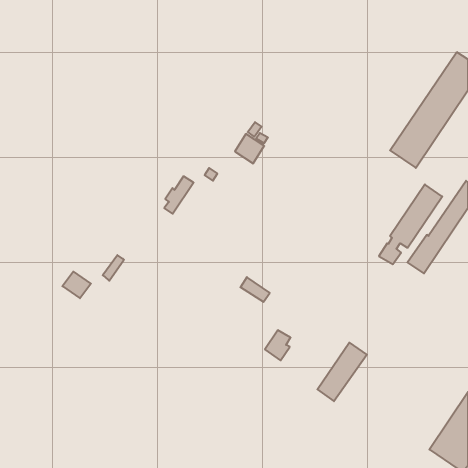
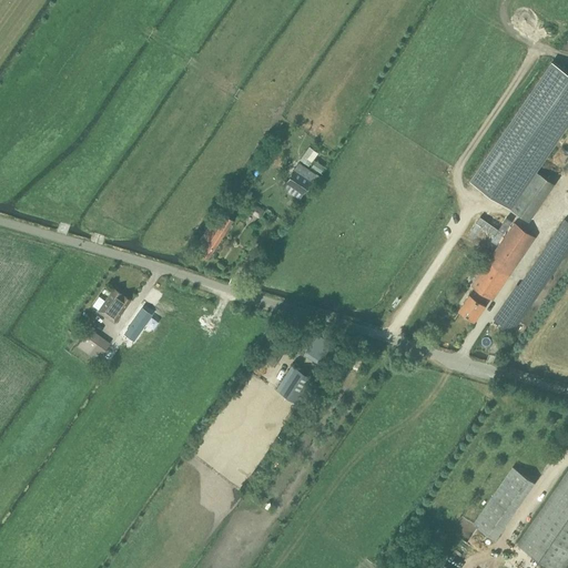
building: none -> [509,172,555,222]
building: none -> [100,290,130,323]
building: [265,330,291,360] -> [278,369,310,406]
building: [317,343,367,401] -> [474,468,534,539]

